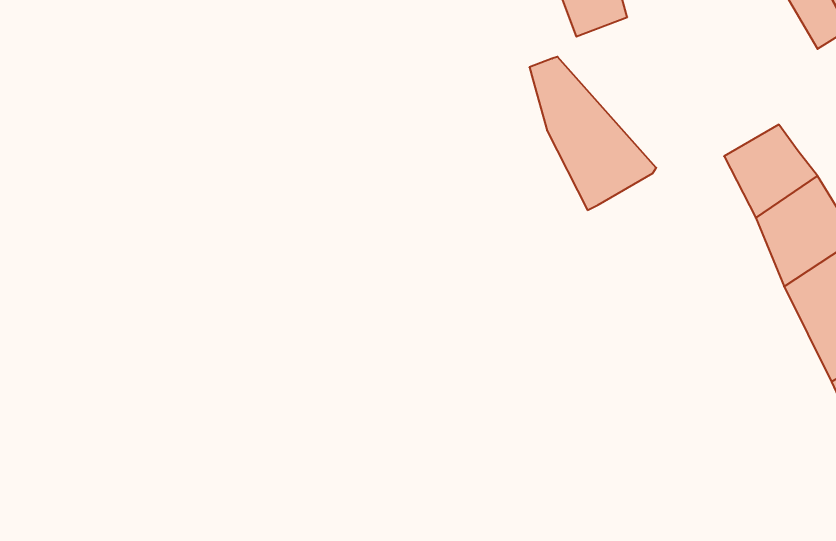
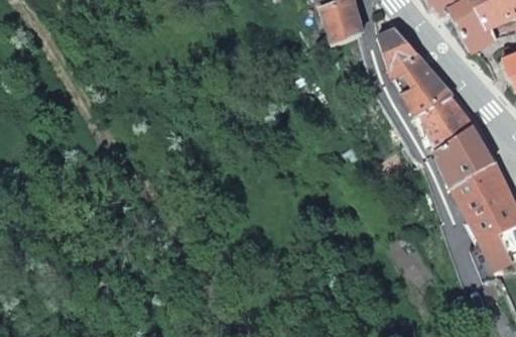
building: [529,57,656,210] -> [379,29,452,117]

